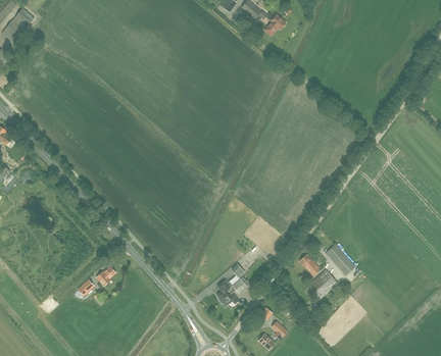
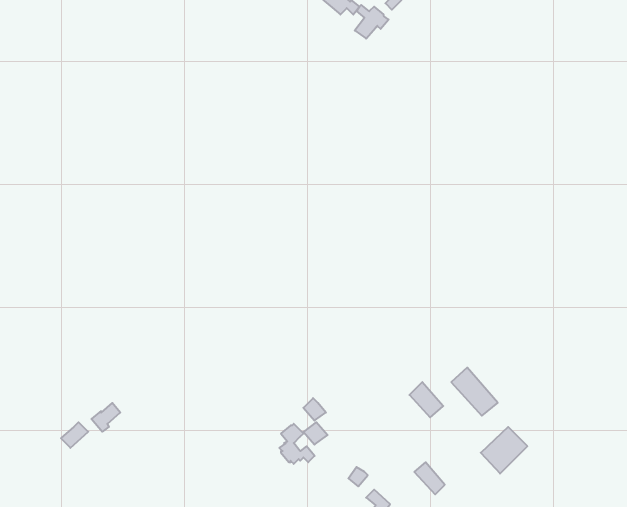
building: [307,269,337,299] -> [481,427,527,474]

